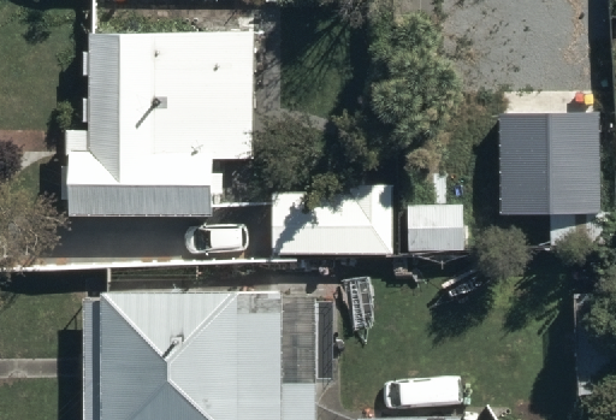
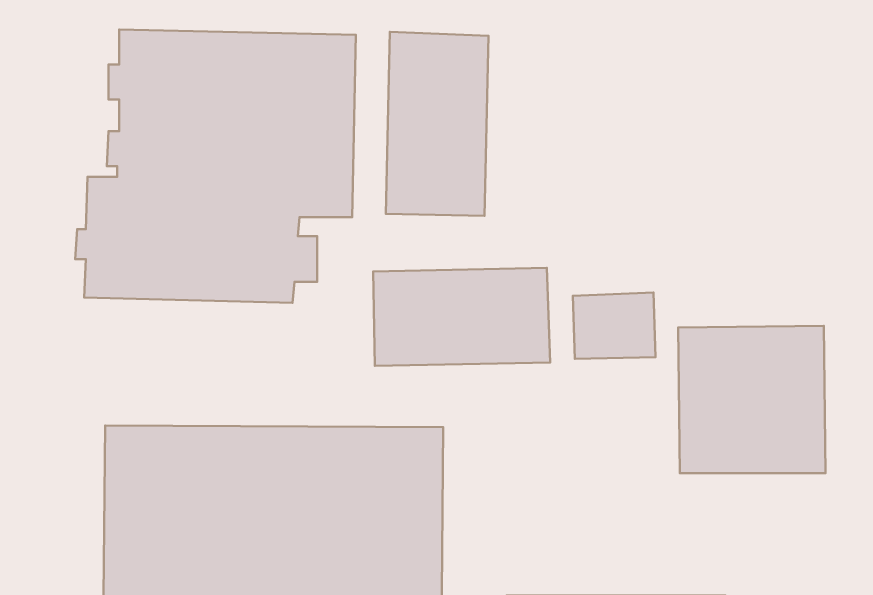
building: none -> [386,32,489,216]
building: [497,114,598,215] -> [678,326,825,473]

